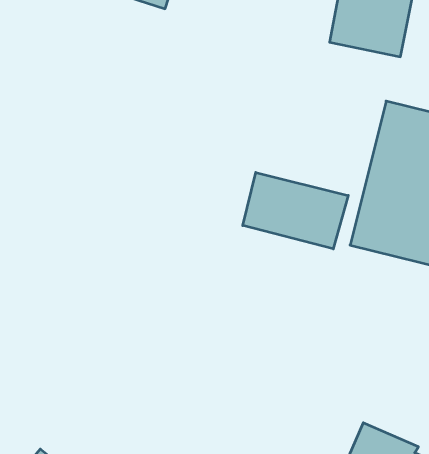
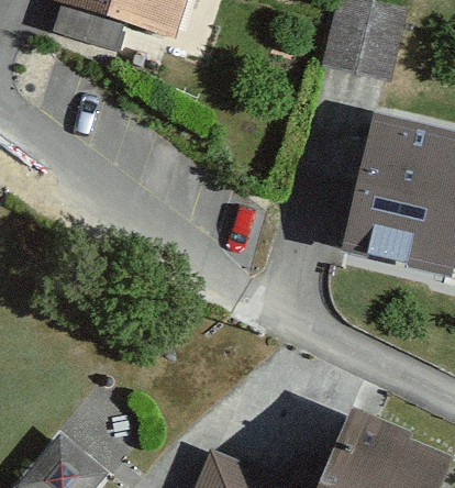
building: [243,172,348,249] -> none

